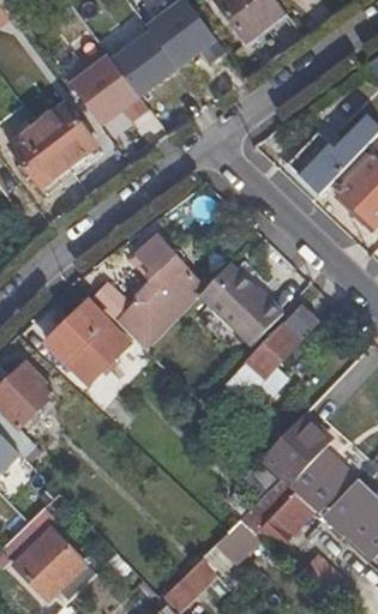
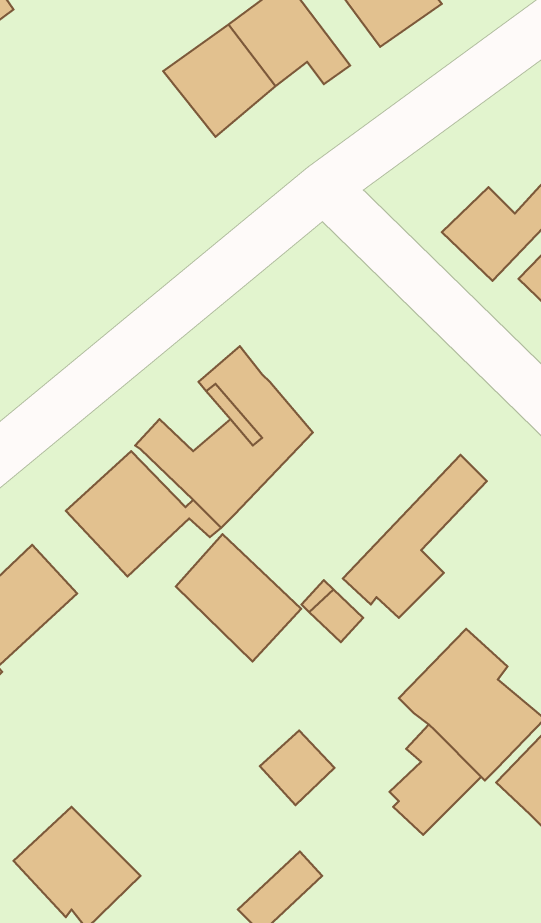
building: [72,58,152,130] -> none
building: [11,104,102,194] -> none
building: [200,263,281,344] -> [176,534,301,661]
building: [220,520,268,568] -> [260,730,335,805]

